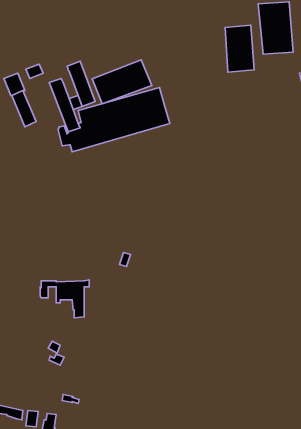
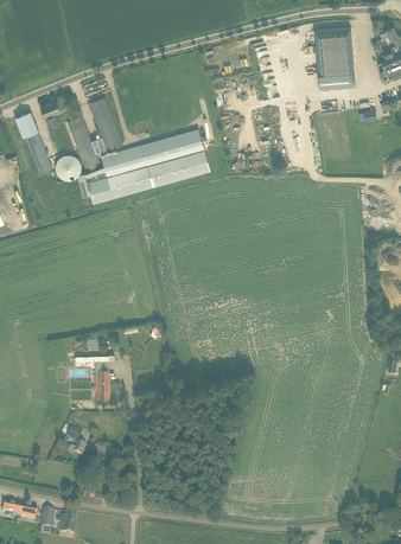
building: [225,25,254,72] -> none
building: [92,60,152,104] -> none
building: none -> [55,153,82,179]

